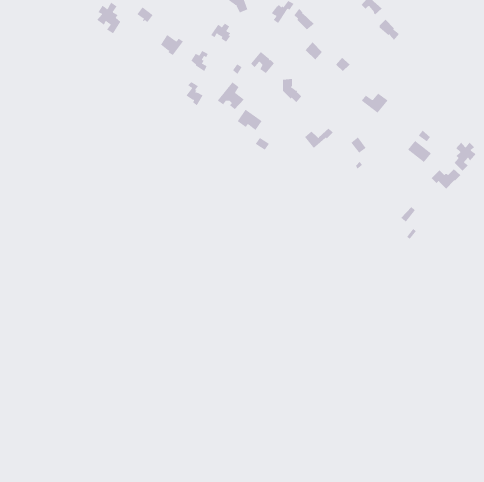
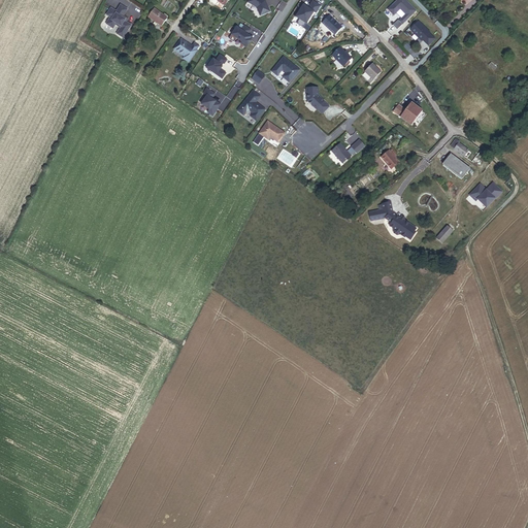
building: [454,142,477,172] -> none
building: none -> [369,200,417,238]

